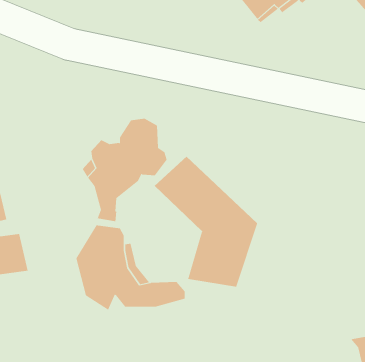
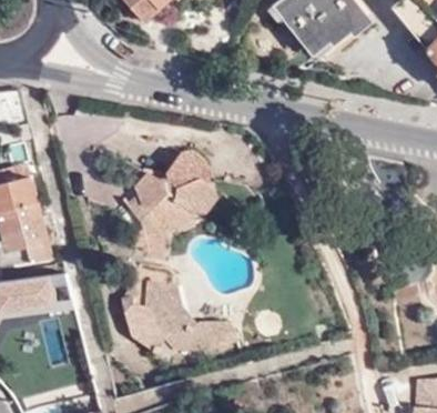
building: [154,156,258,287] -> none

